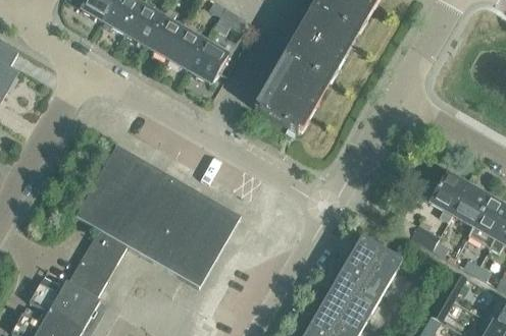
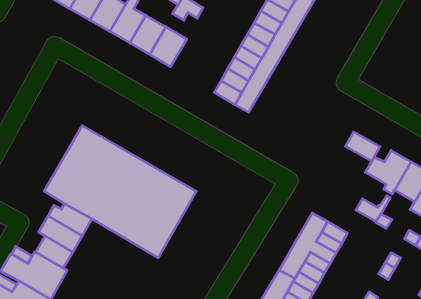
building: none -> [345,132,380,161]

